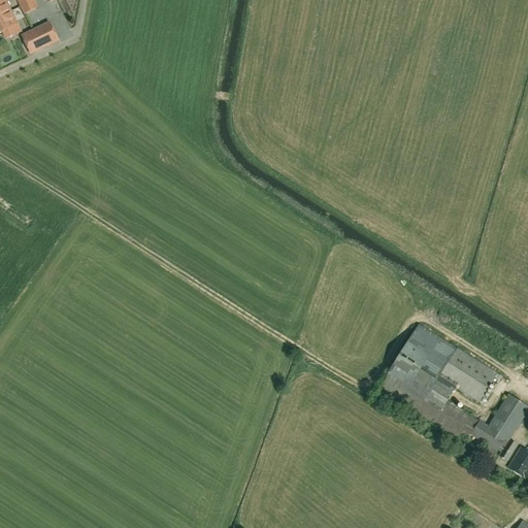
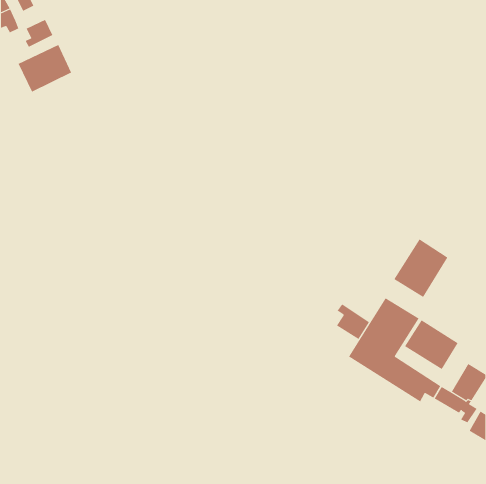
building: none -> [18,44,72,92]
building: none -> [394,239,448,298]
building: none -> [336,304,370,340]

